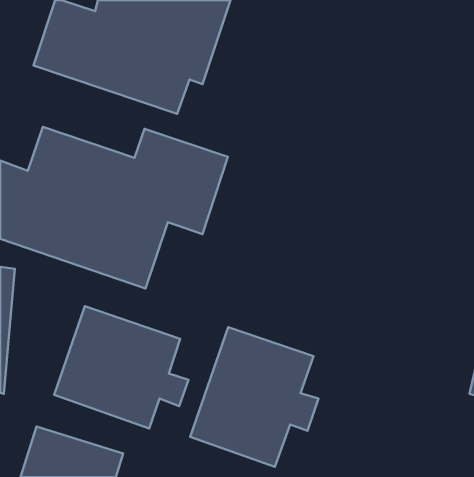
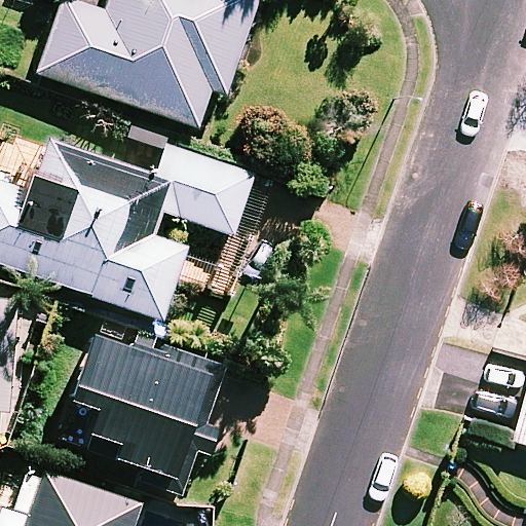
building: [190,327,319,467] -> none

